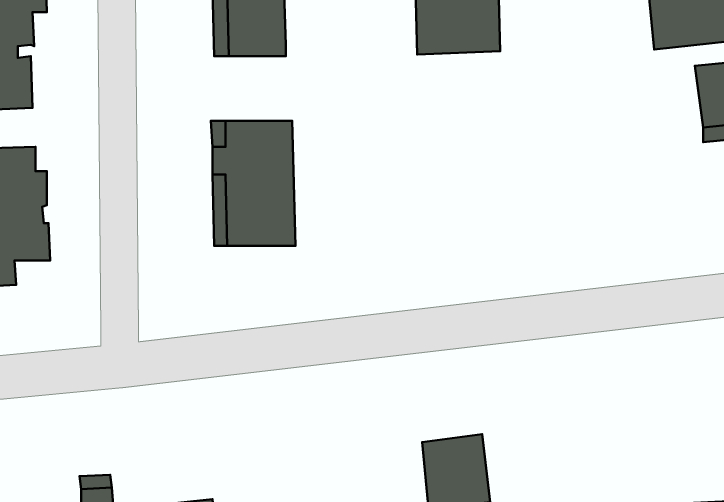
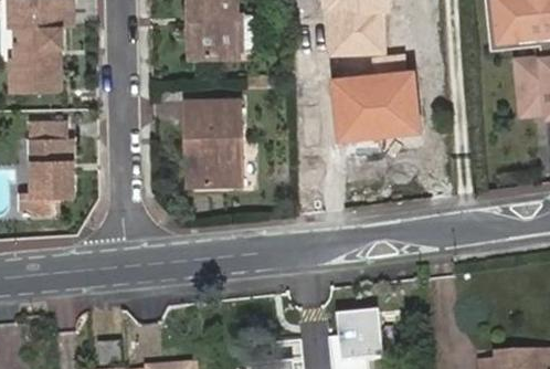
building: none -> [334,73,419,138]

